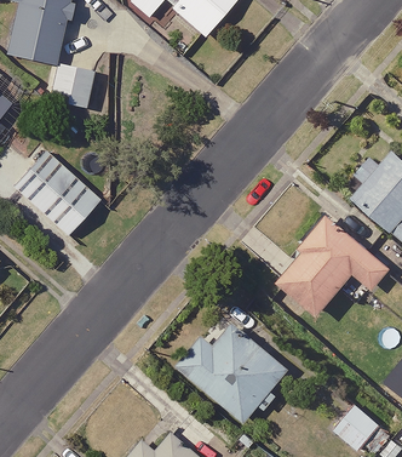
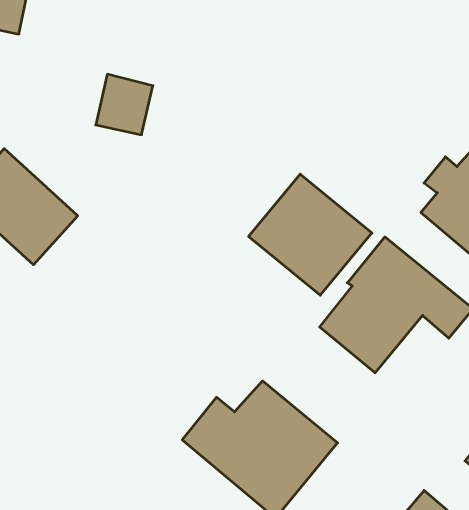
building: [51,63,93,108] -> [96,74,153,135]
building: none -> [249,174,372,295]

